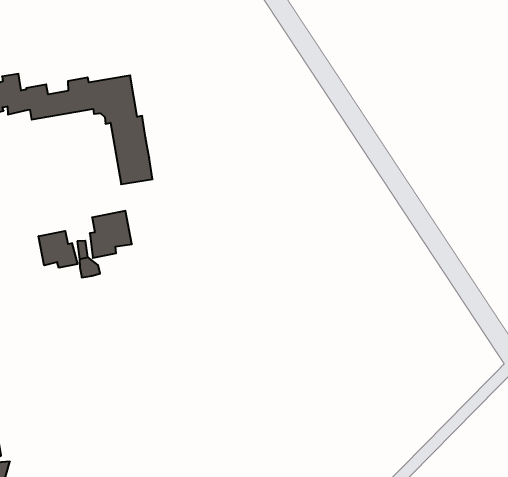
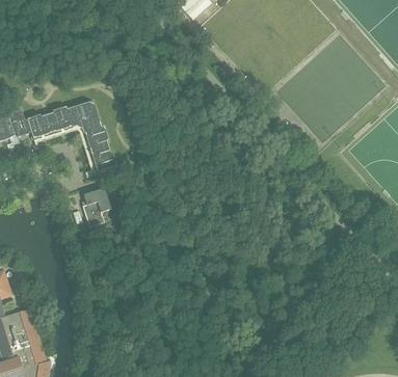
building: [39,231,78,268] -> none

